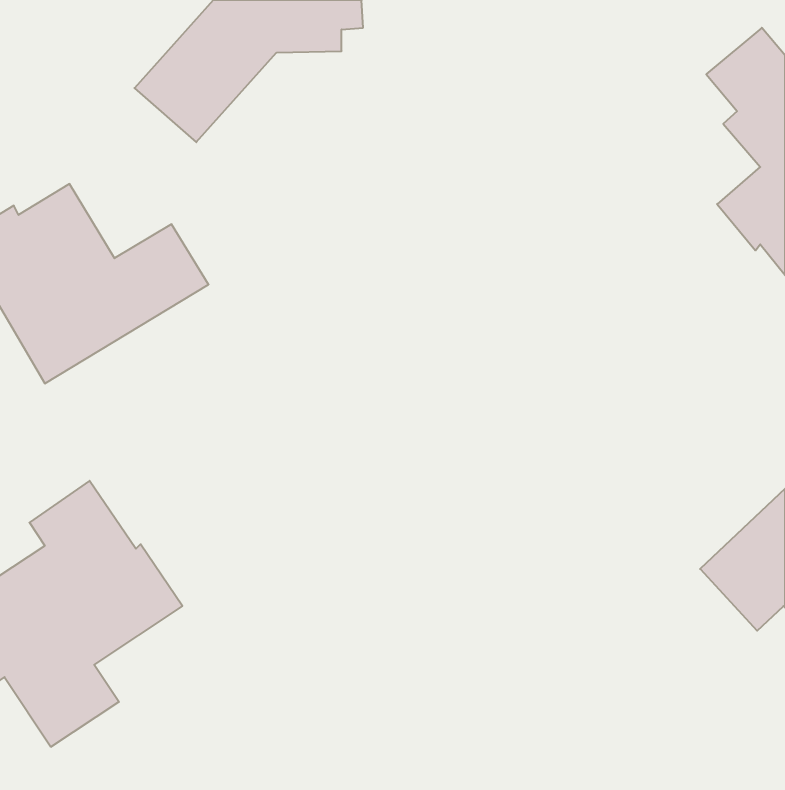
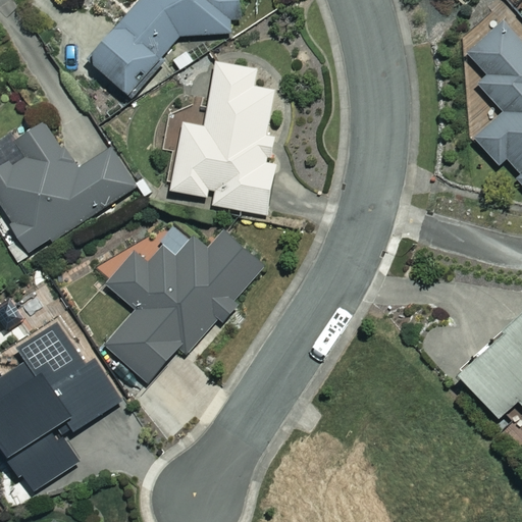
building: none -> [171,62,275,214]
building: none -> [105,229,265,382]

